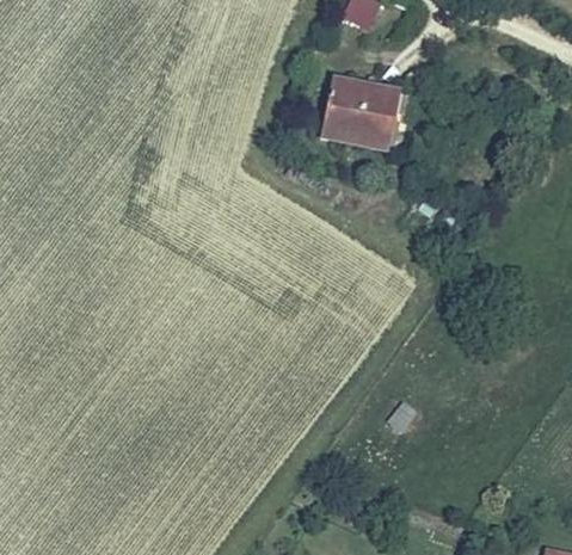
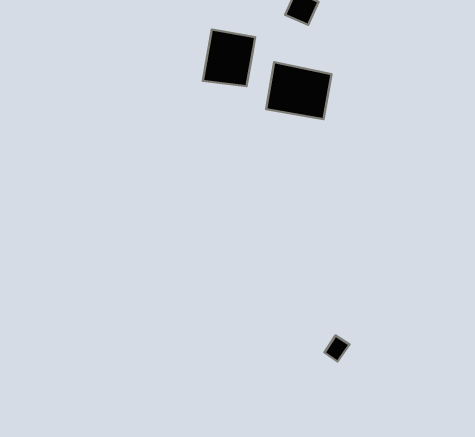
building: none -> [203,30,255,86]

